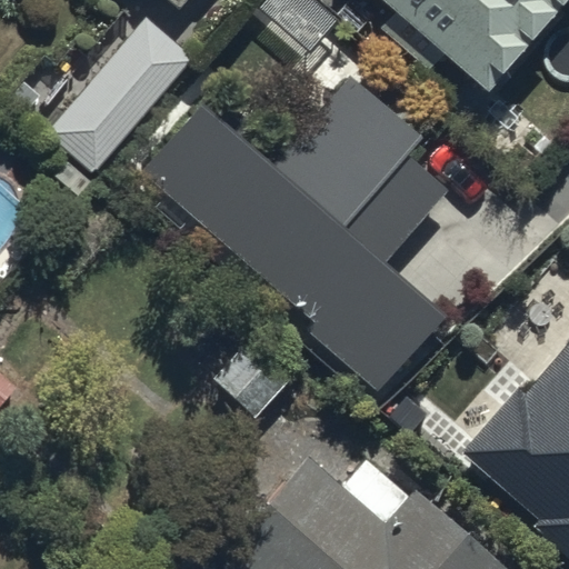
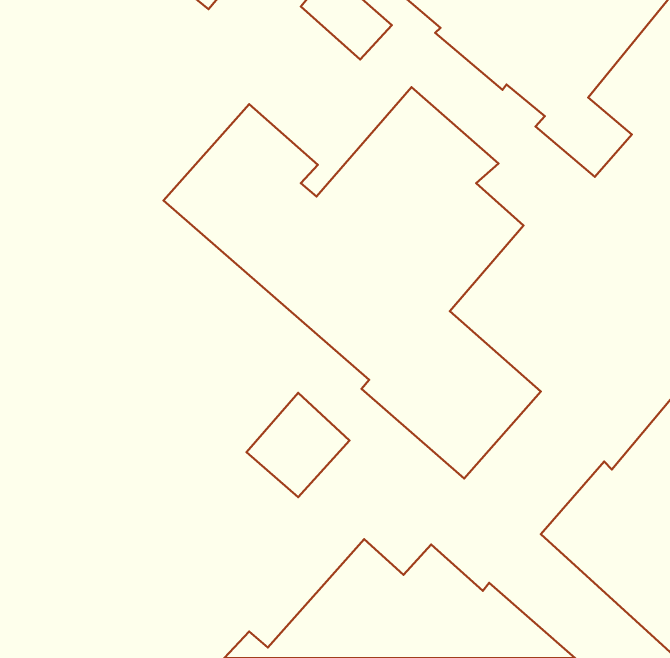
building: [47,16,197,174] -> none

